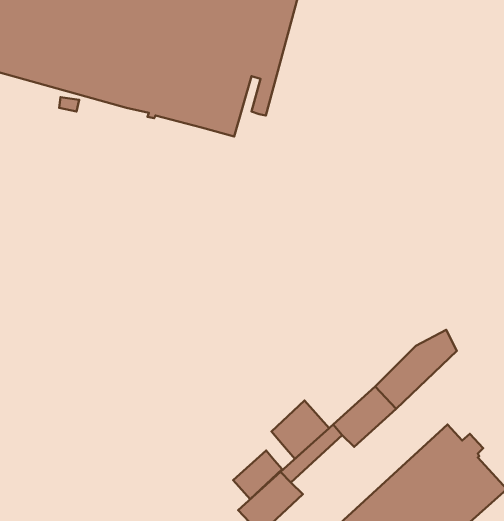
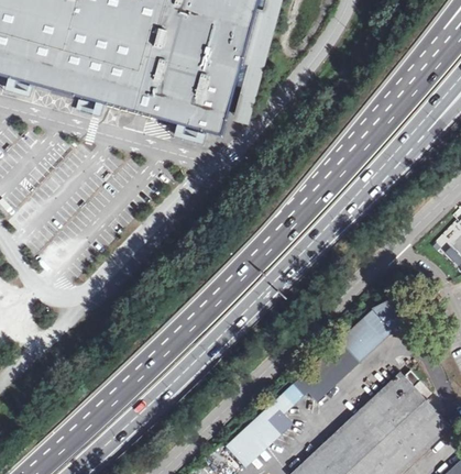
building: [271,400,329,459] -> none
building: [233,450,282,499] -> none

